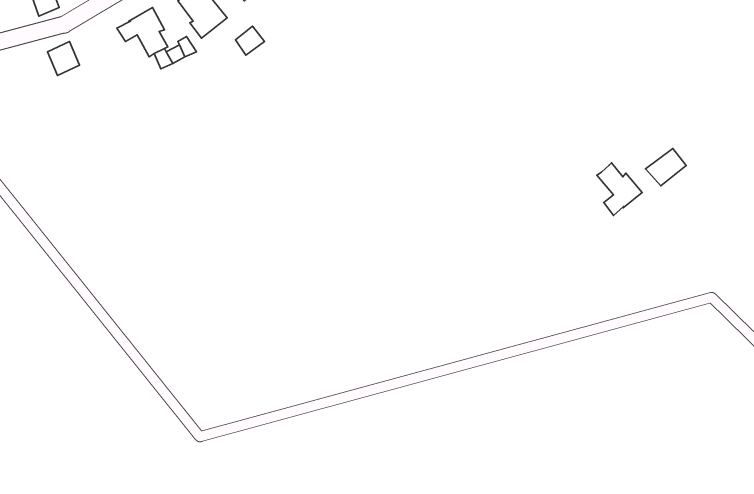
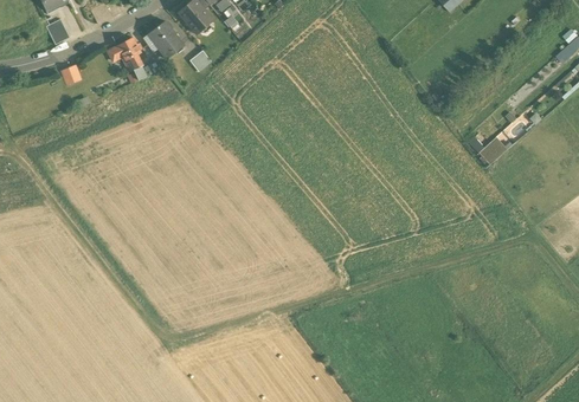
building: [597,163,642,216] -> none

